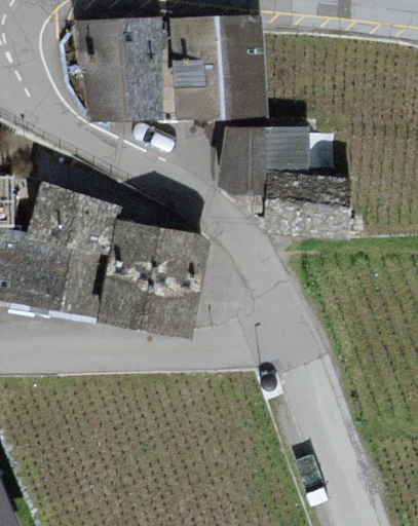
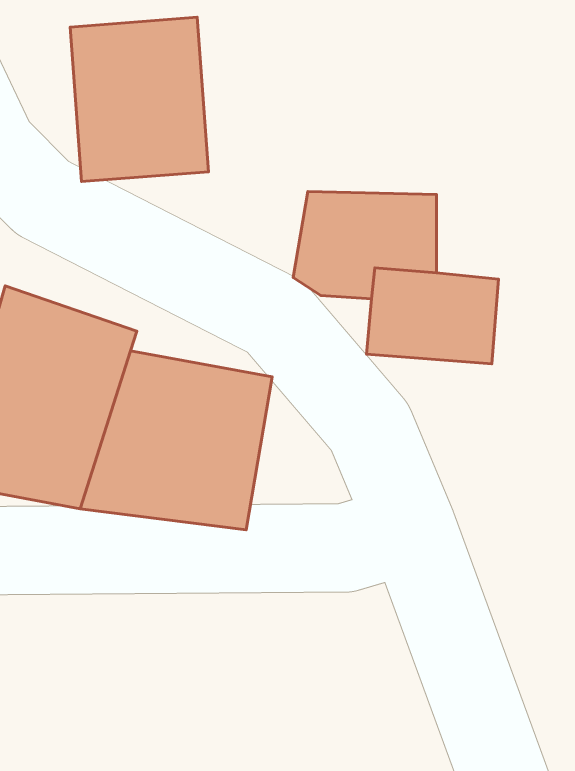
building: [170,11,265,115] -> none

